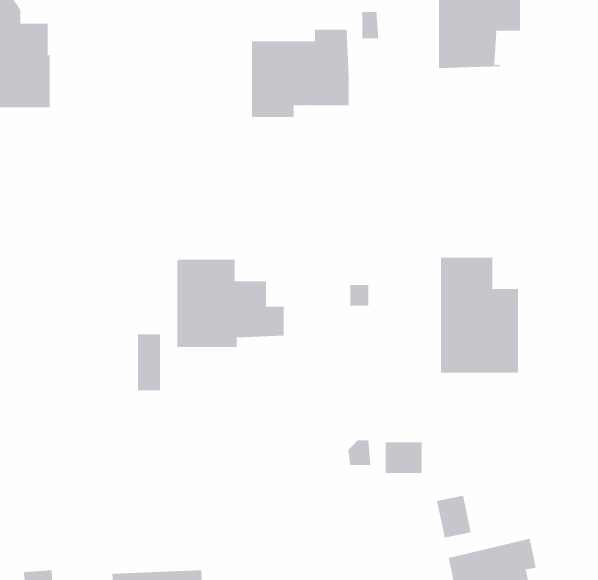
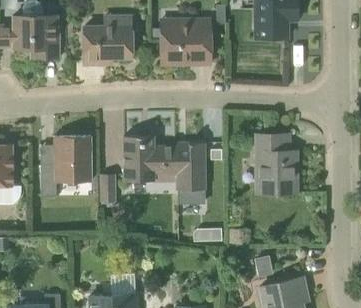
building: none -> [85,26,132,65]
building: none -> [41,137,91,198]
building: none -> [169,143,205,191]

